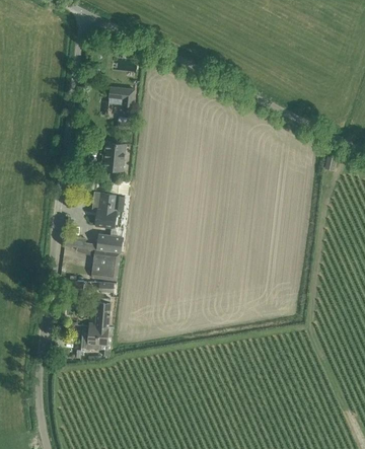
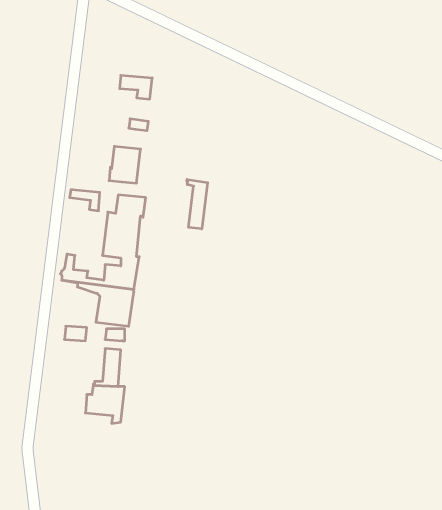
building: none -> [187,179,208,229]

